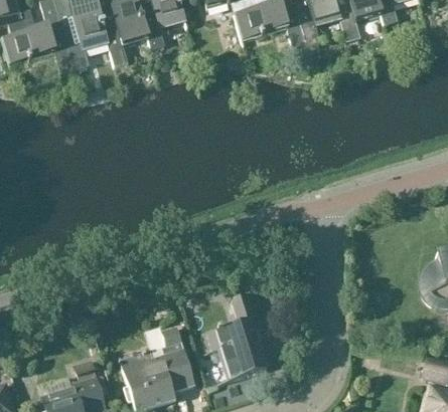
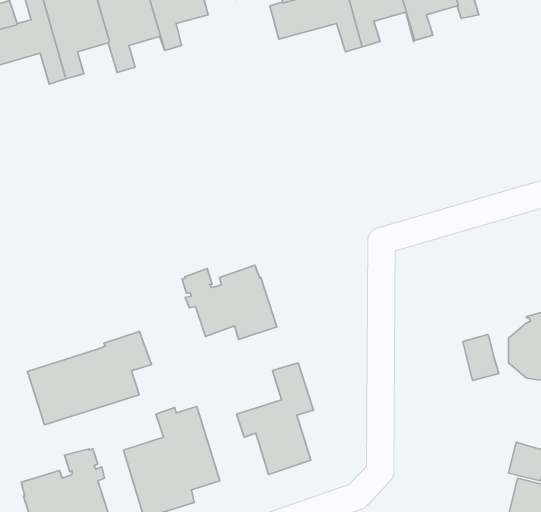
building: none -> [182,265,277,340]
building: none -> [28,331,152,425]
building: none -> [463,335,499,380]

